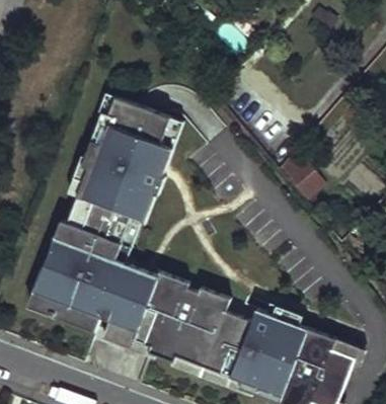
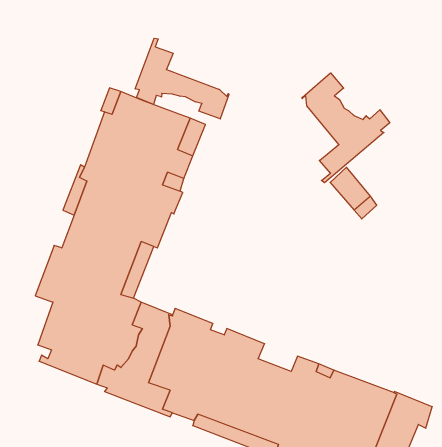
building: none -> [135,38,229,119]
building: none -> [302,73,390,183]
building: [30,257,62,310] -> none

